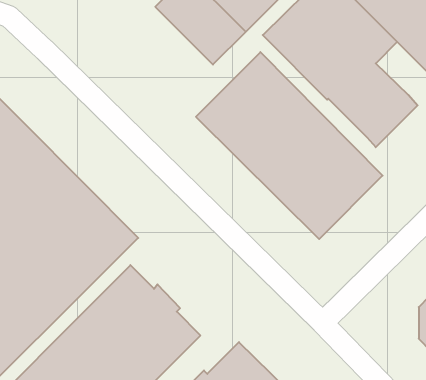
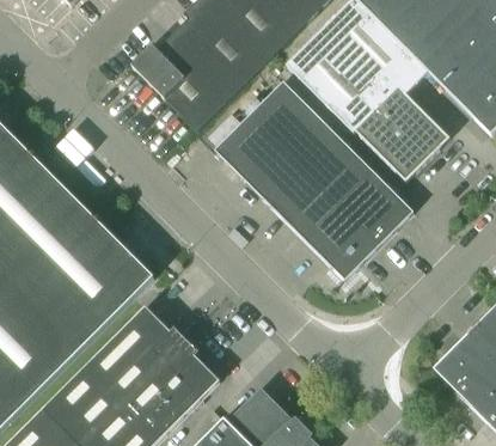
building: none -> [131,33,233,130]

